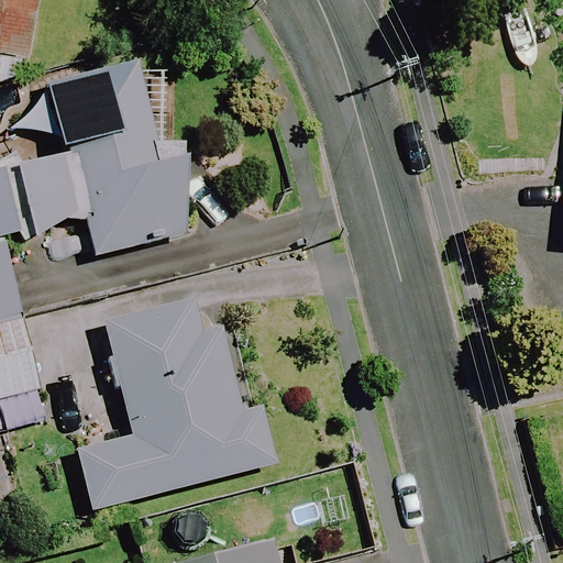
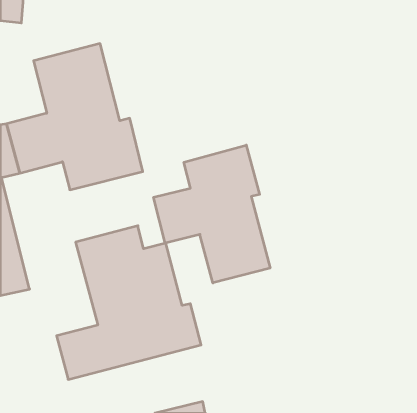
building: none -> [154,145,270,283]

